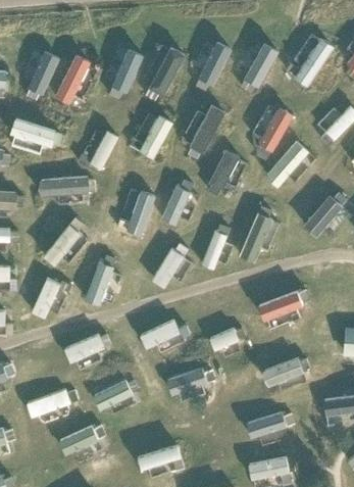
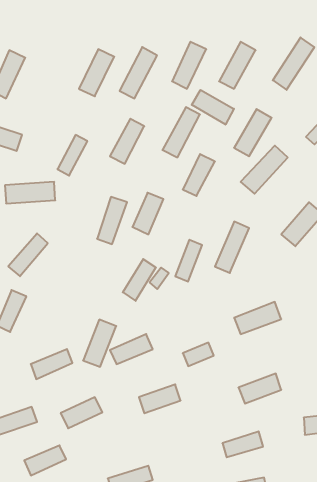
building: [54,53,90,103] -> none
building: none -> [192,90,234,125]
building: [84,260,115,305] -> [83,320,116,367]

